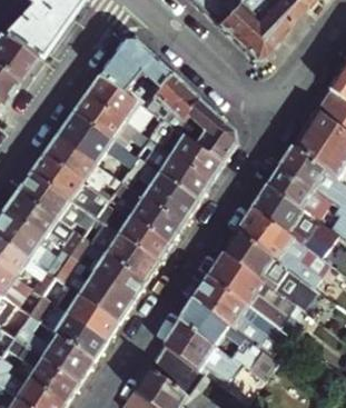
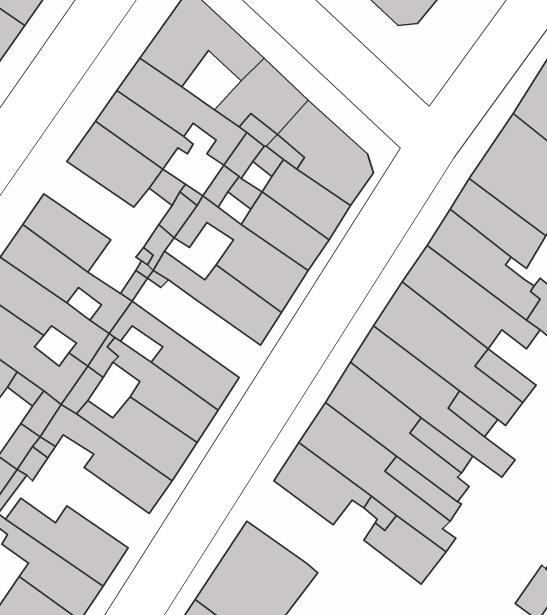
building: [47,133,99,179] -> none
building: [121,213,172,259] -> none
building: [57,311,108,358] -> none
building: [165,319,231,381] -> none

